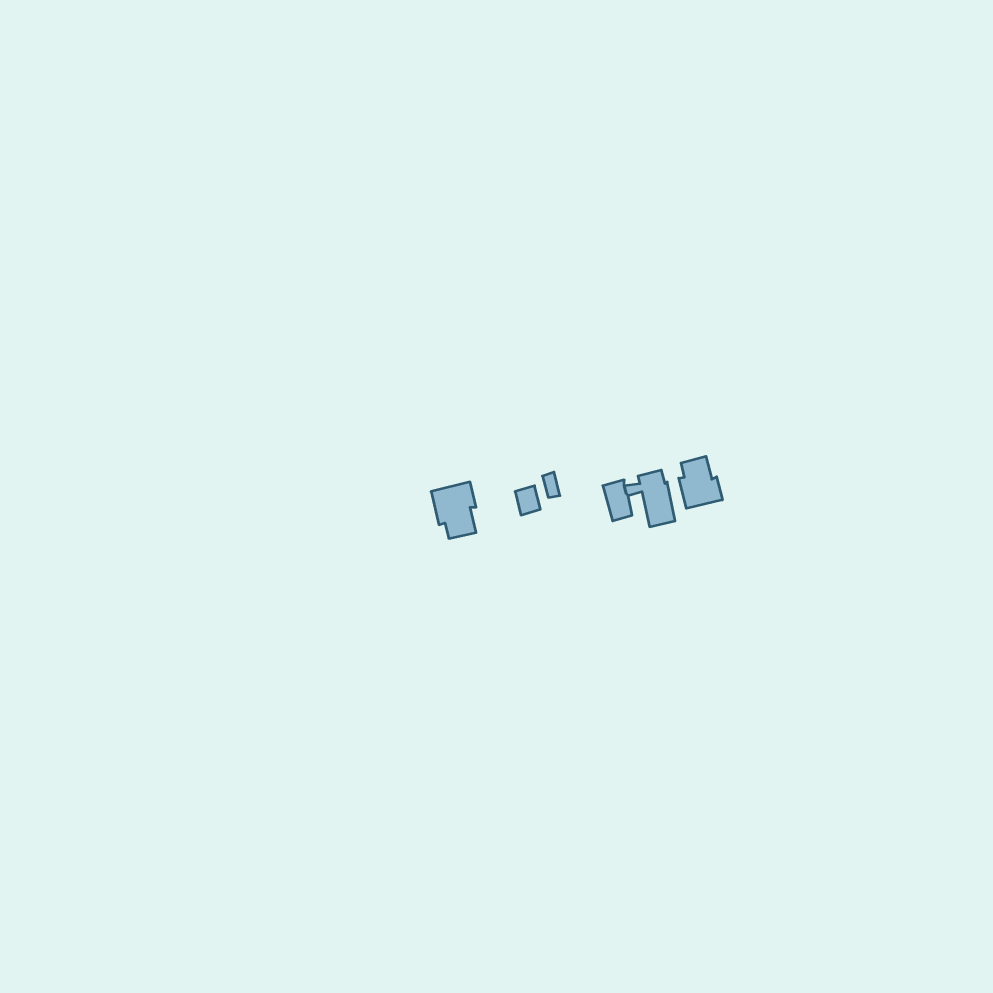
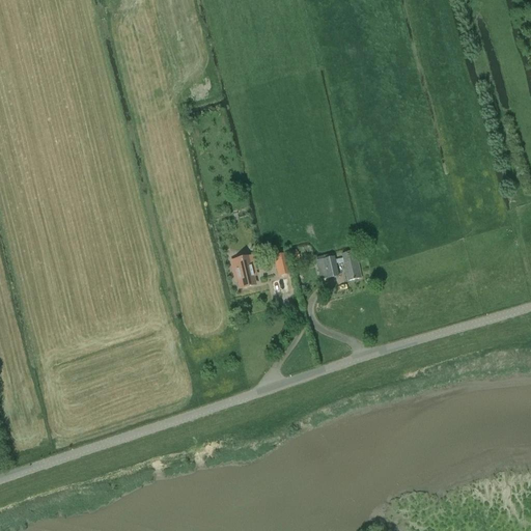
building: [679,456,722,508] -> none

